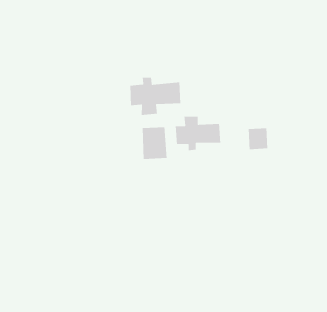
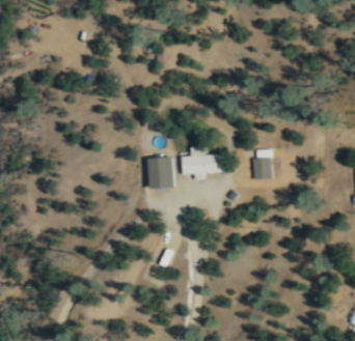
building: [129,77,181,116] -> none

